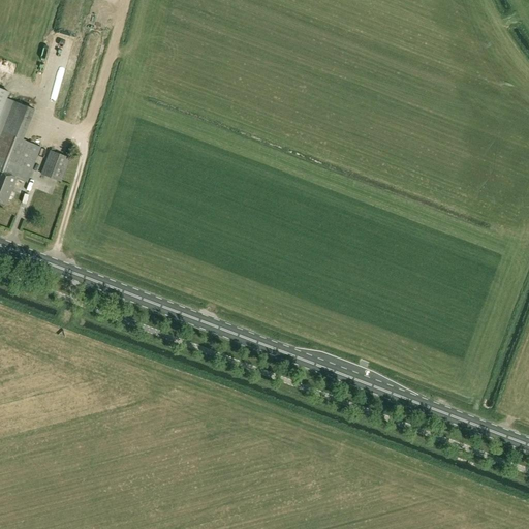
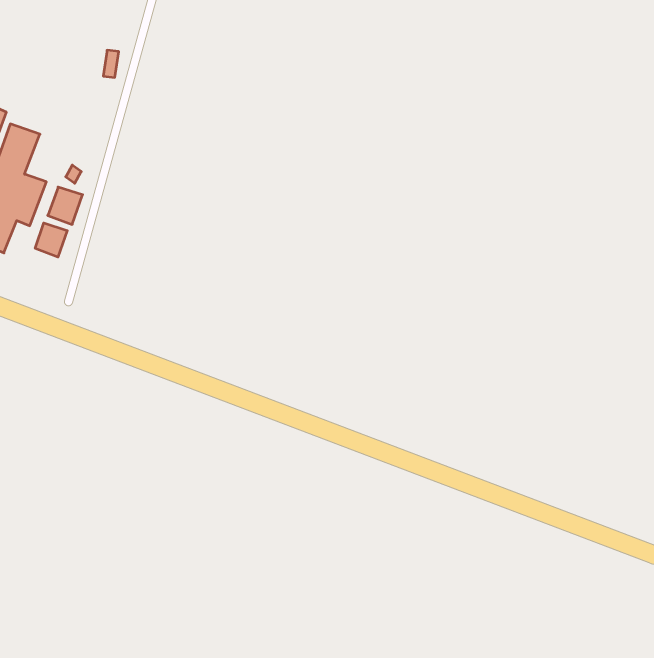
building: none -> [35,223,67,257]

